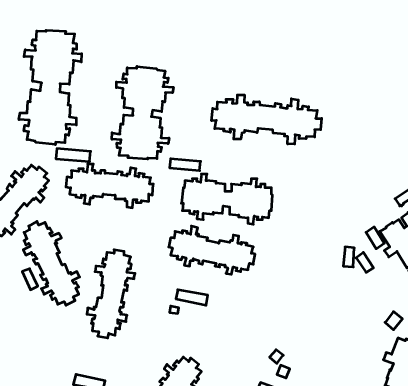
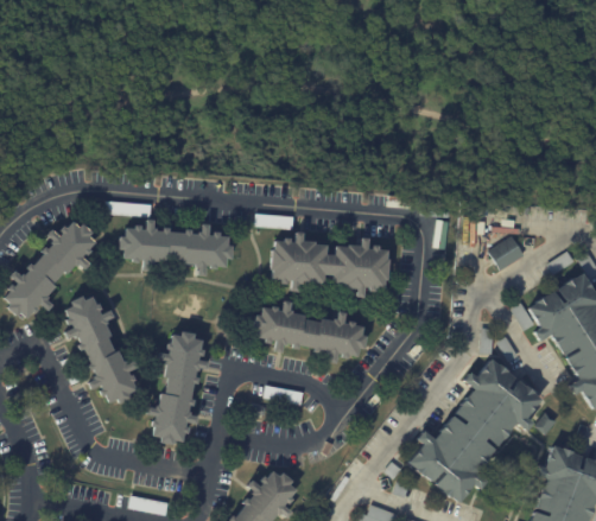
building: [19,30,82,145] -> none
building: [112,66,173,159] -> none
building: [212,95,322,144] -> none
building: none -> [490,236,526,271]
building: none -> [410,358,543,503]

